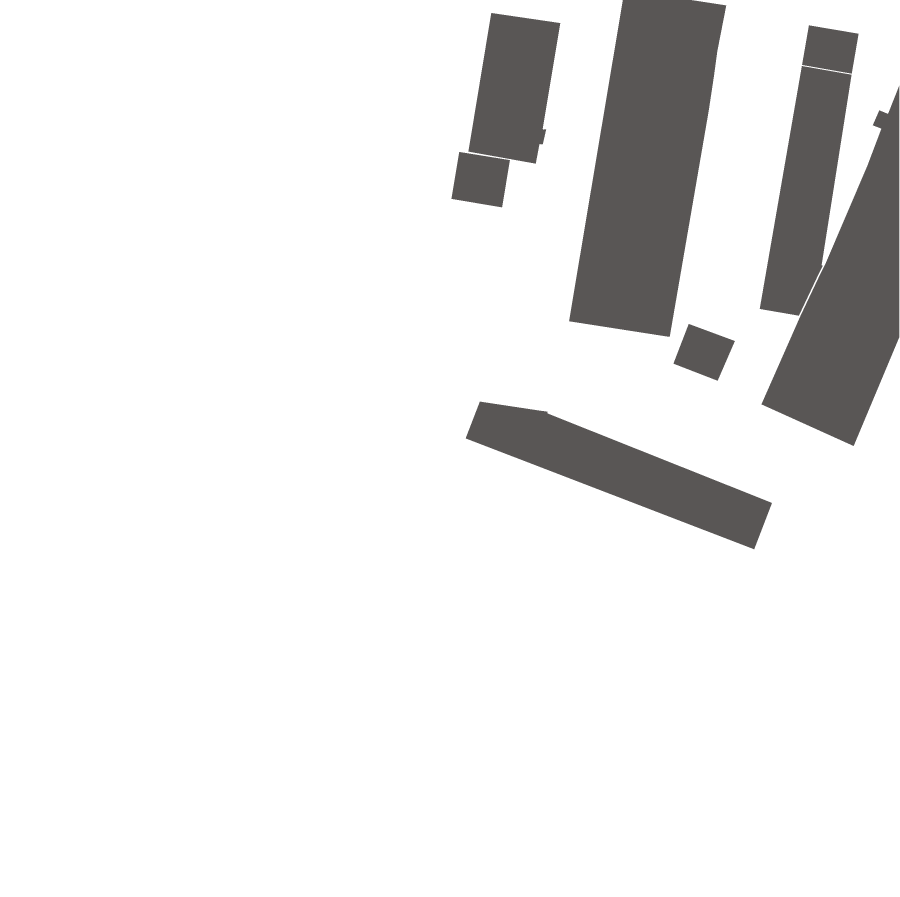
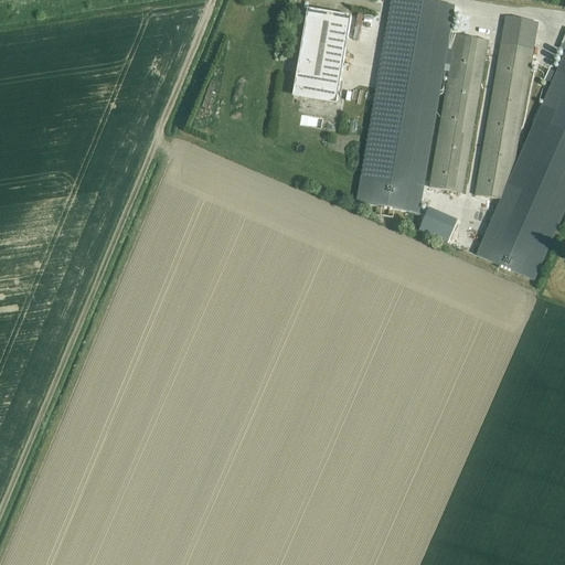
building: none -> [428,32,487,191]
building: [451,151,511,208] -> none
building: [465,401,773,550] -> none

